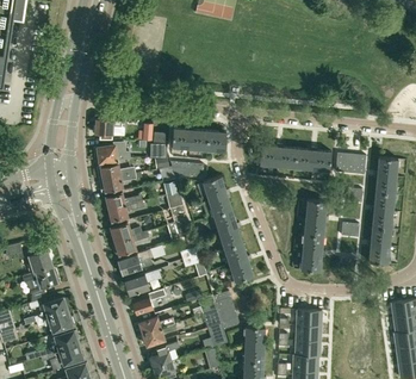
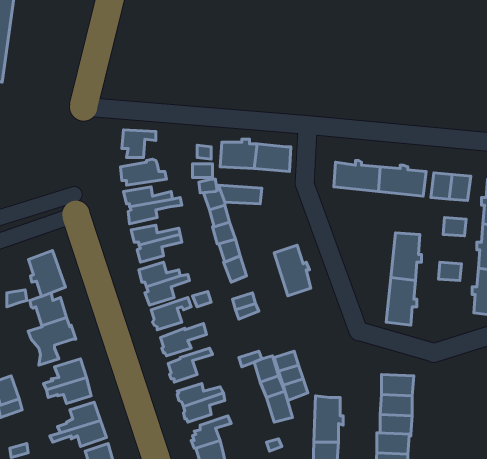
building: [203,176,231,216] -> none
building: none -> [28,251,66,296]
building: [224,243,253,282] -> none

